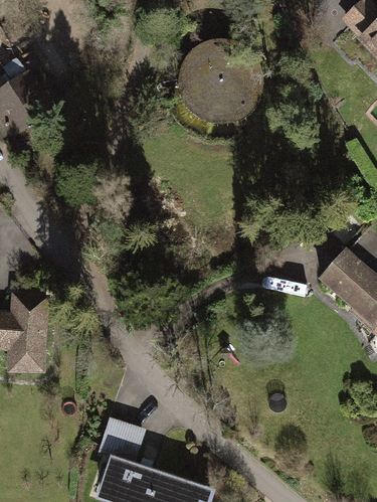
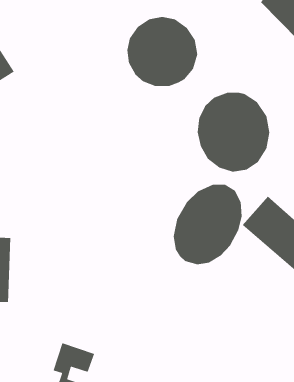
building: none -> [197,92,270,173]
building: none -> [173,184,243,265]

